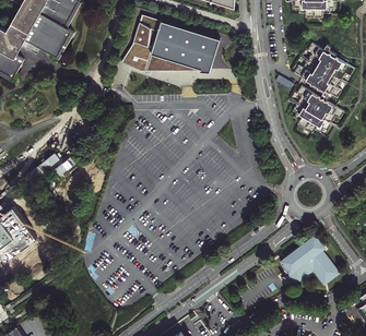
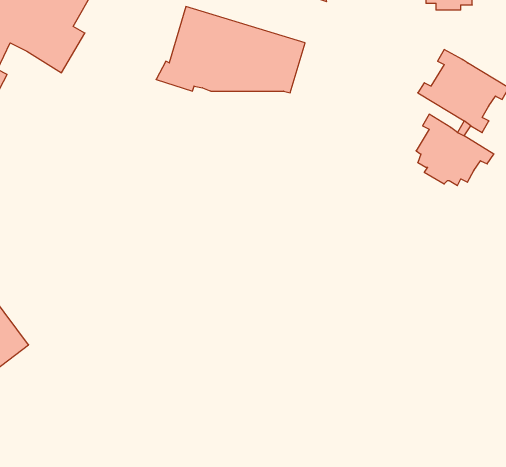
building: [282,237,338,284] -> none

